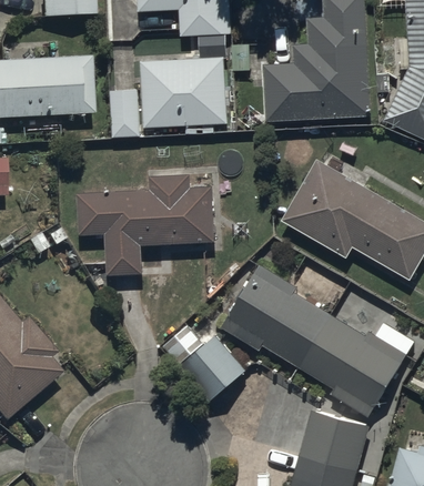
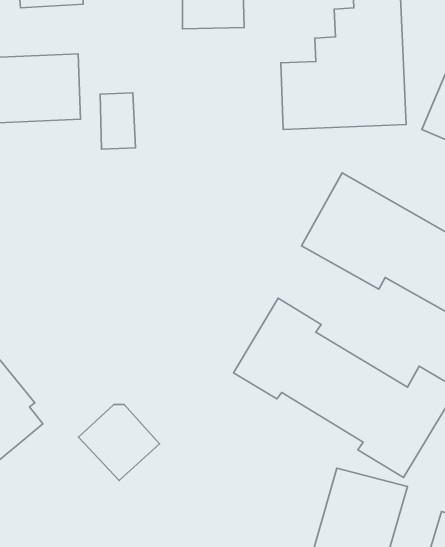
building: [140,57,229,128] -> none
building: [77,175,215,275] -> none
building: [176,335,245,399] -> [78,405,160,480]

